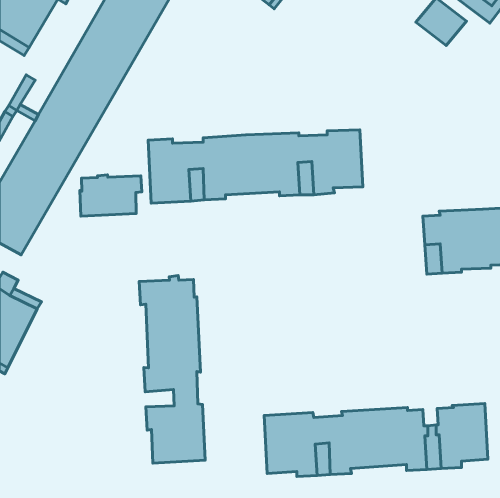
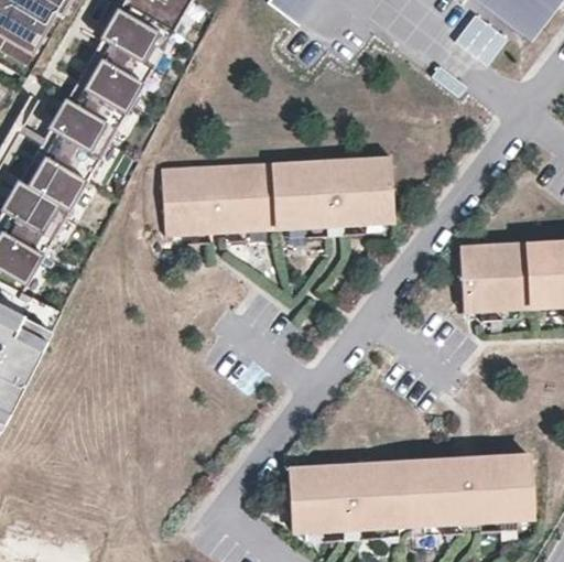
building: [80,175,142,216] -> none
building: [139,276,205,463] -> none

